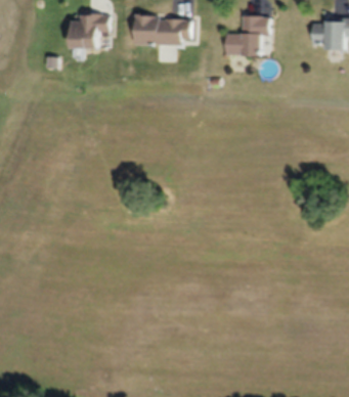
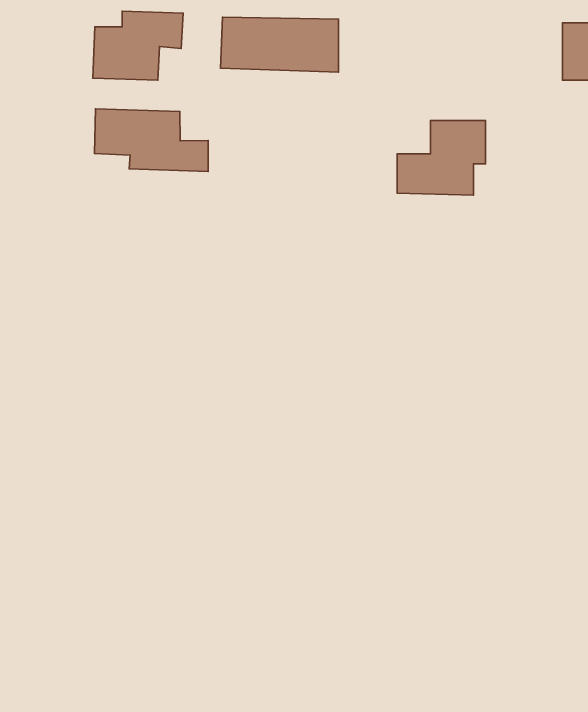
building: [223,16,269,55] -> [397,120,485,195]
building: none -> [95,109,208,172]

